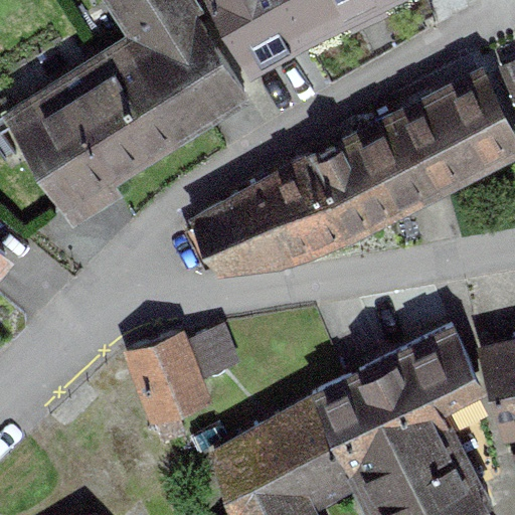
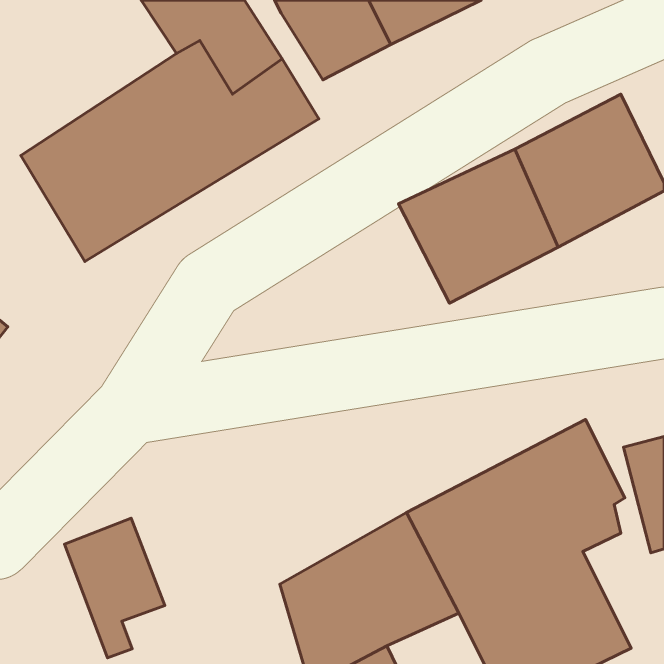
building: [194,160,346,270] -> none
building: [127,332,204,440] -> [64,518,165,658]

